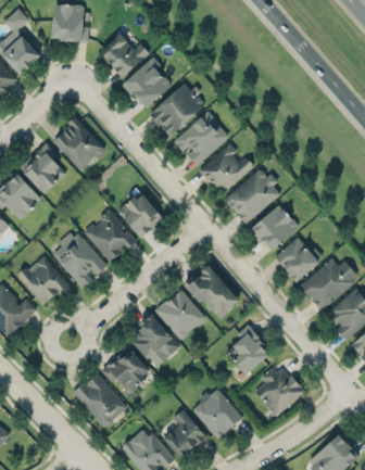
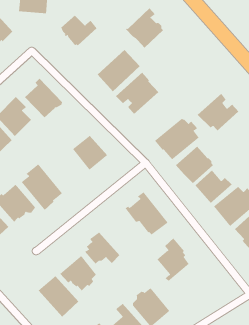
building: [122,56,172,110] -> [125,7,164,49]
building: [199,142,253,192] -> [197,93,239,132]
building: [84,209,135,262] -> none
building: [155,289,204,341] -> none
building: [254,367,304,416] -> none

